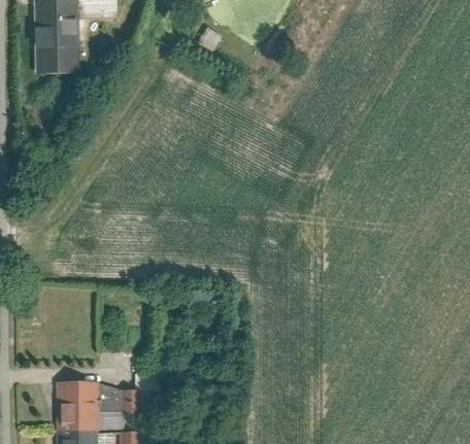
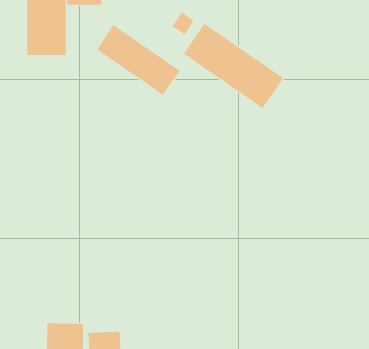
building: none -> [183,23,284,109]
building: none -> [96,24,180,95]

